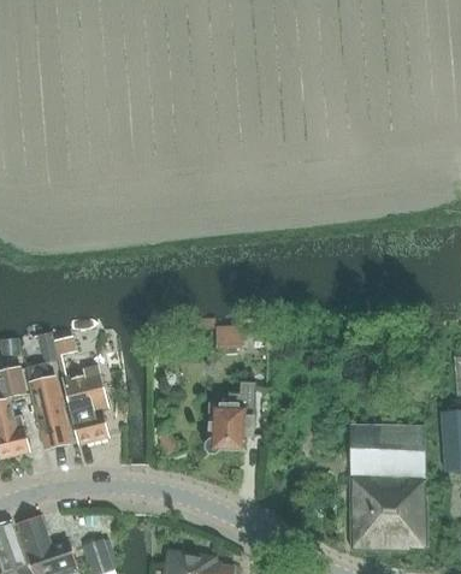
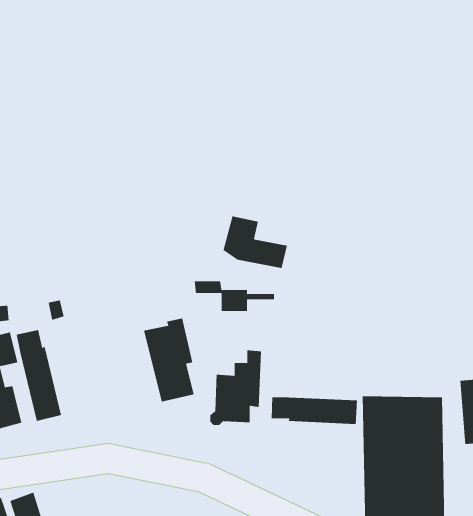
building: none -> [223,215,287,269]
building: [61,365,110,444] -> [143,318,195,402]
building: none -> [271,396,357,425]

